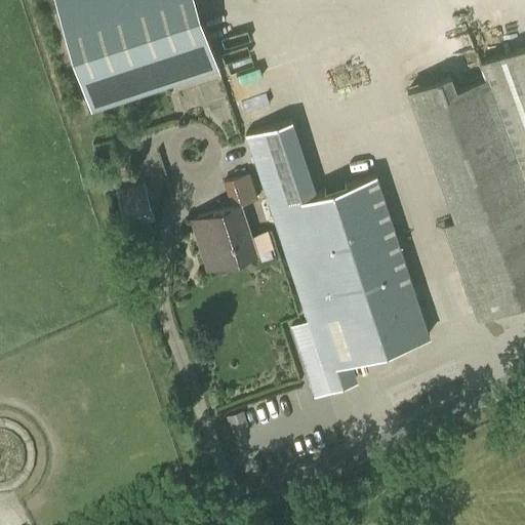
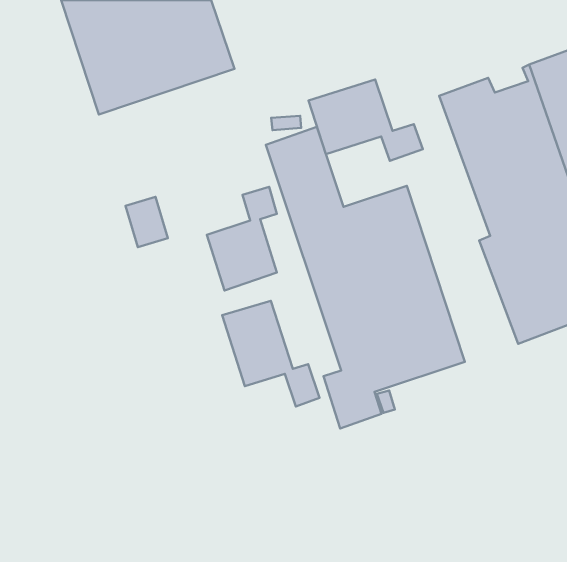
building: none -> [308,80,423,161]
building: none -> [222,301,320,406]

